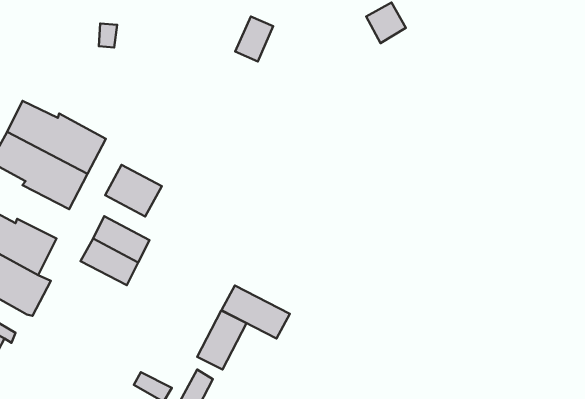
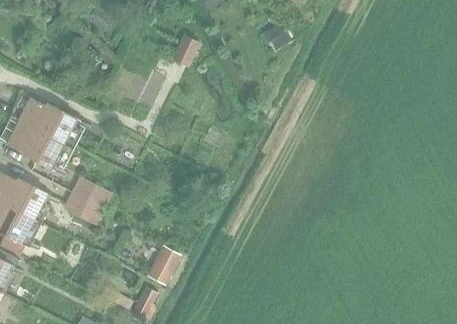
building: [105,165,162,216] -> none
building: [222,286,290,338] -> none

